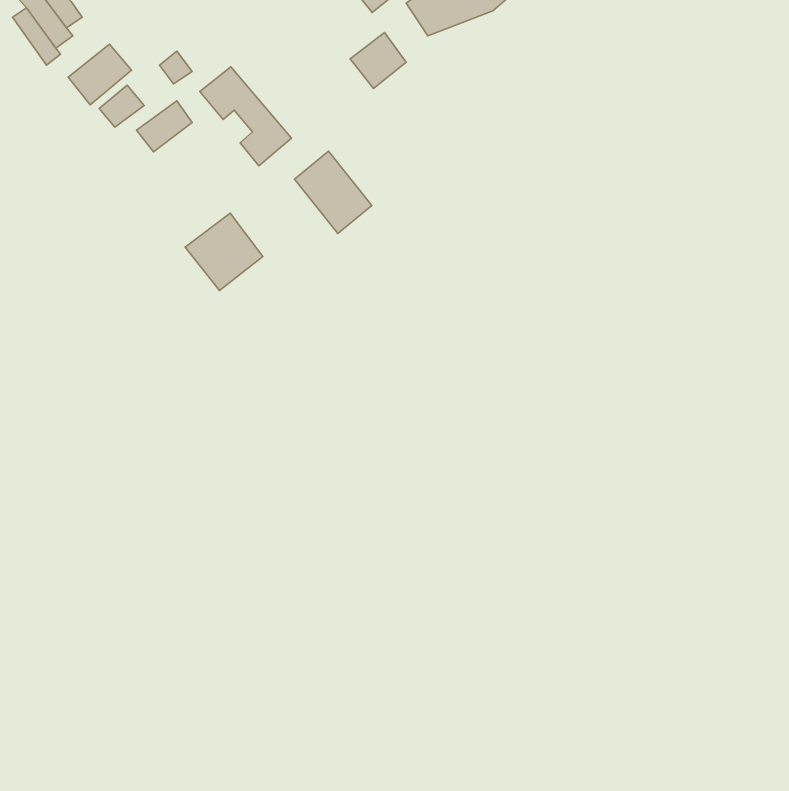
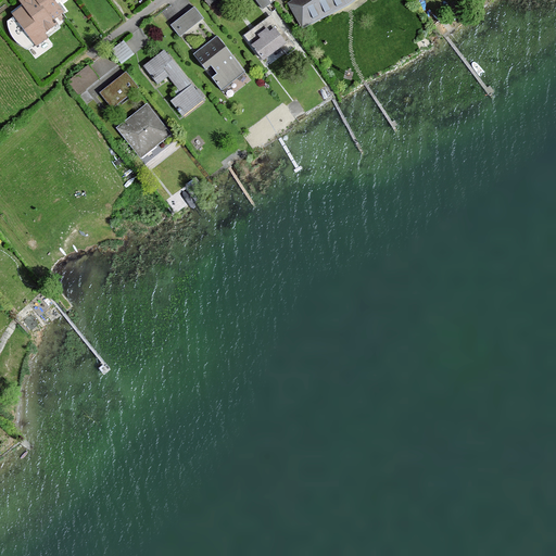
building: none -> [169,5,203,36]
building: [68,44,132,105] -> none
building: [294,151,372,233] -> [192,35,247,92]
building: [185,213,263,291] -> [117,102,172,156]

